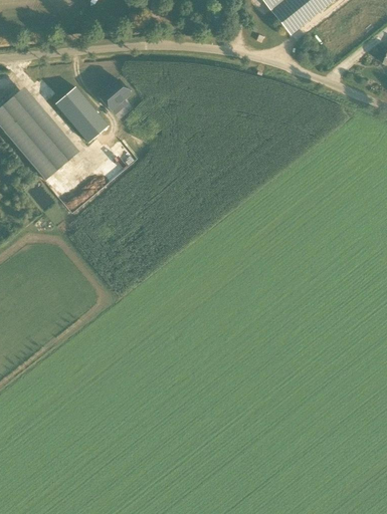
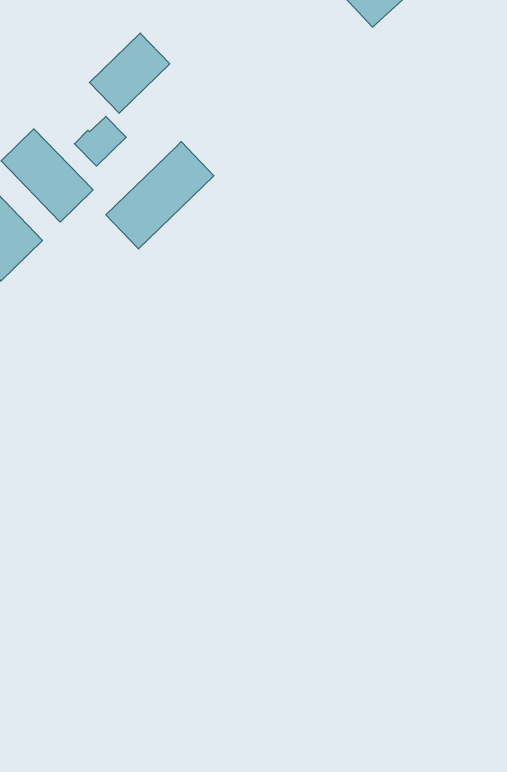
building: none -> [89,33,170,113]
building: none -> [106,142,214,249]

